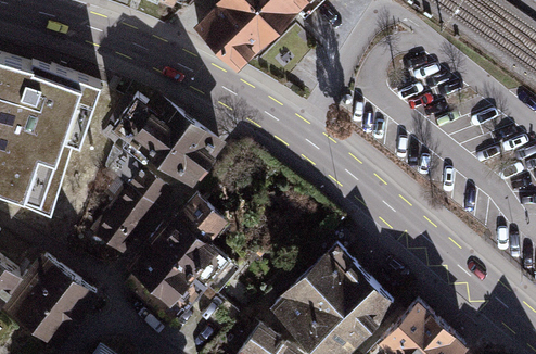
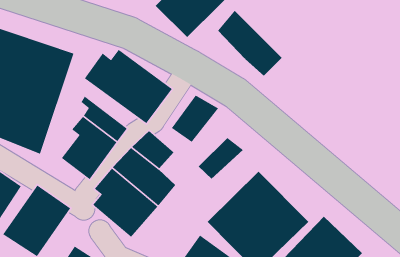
building: none -> [217,10,283,77]
building: none -> [171,95,219,143]
building: none -> [198,137,244,179]

